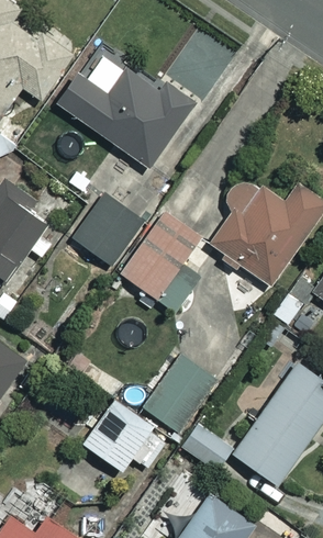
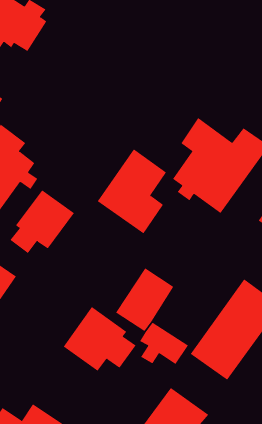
building: [49,43,194,168] -> none
building: [66,192,144,269] -> [10,189,75,254]

